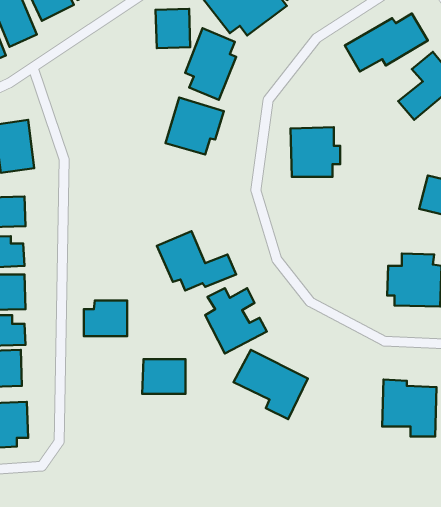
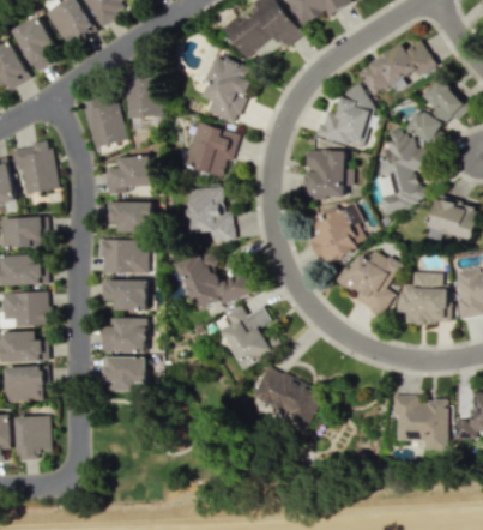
building: [156,9,190,48] -> [126,79,159,118]
building: none -> [316,84,374,149]
building: none -> [83,95,127,149]
building: none -> [378,132,428,211]
building: none -> [107,157,152,193]
building: none -> [189,188,234,241]
building: none -> [308,200,370,265]
building: none -> [110,201,152,233]
building: none -> [98,239,146,273]
building: none -> [333,249,402,313]
building: none -> [104,279,146,311]
building: [142,359,186,394] -> [104,357,146,391]

